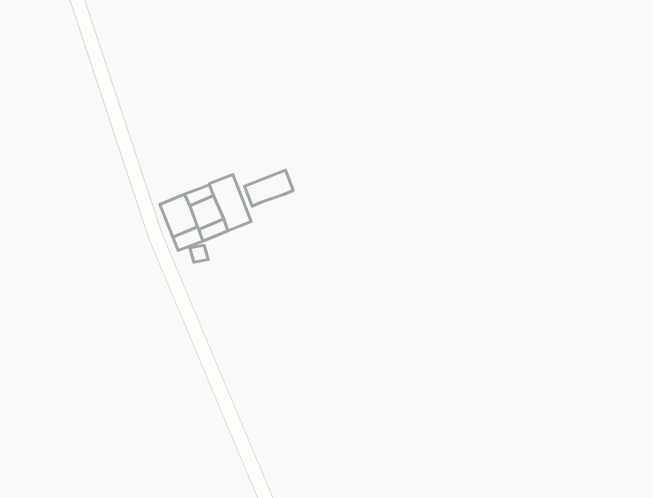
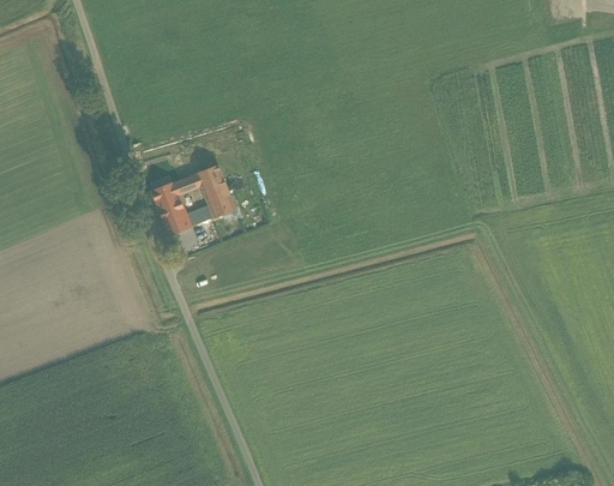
building: [244,170,293,206] -> none

